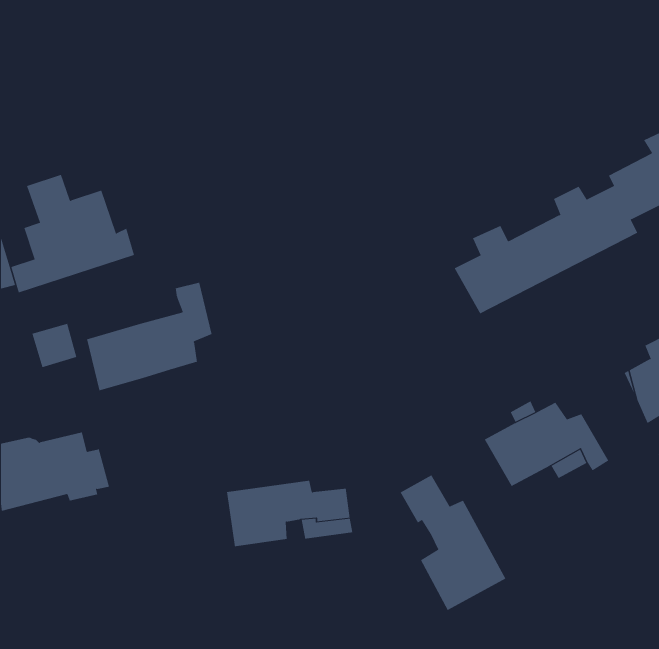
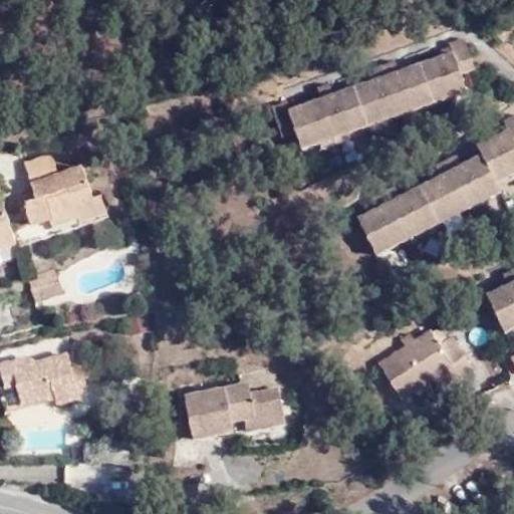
building: none -> [273,38,475,150]
building: [86,282,212,391] -> none
building: [400,474,506,611] -> none

